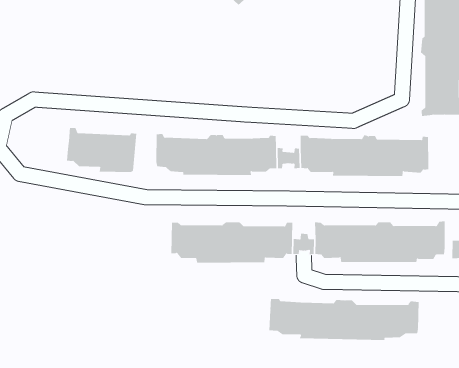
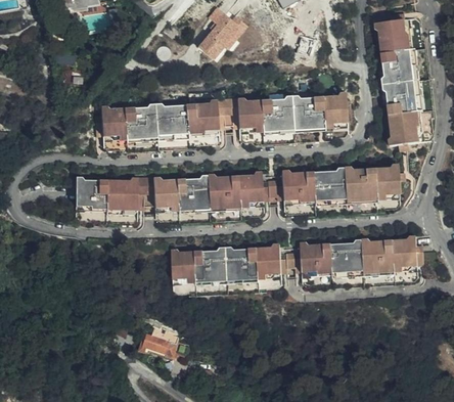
building: none -> [101,87,344,143]
building: none -> [136,179,154,210]
building: [269,298,419,341] -> none
building: none -> [140,329,179,357]

